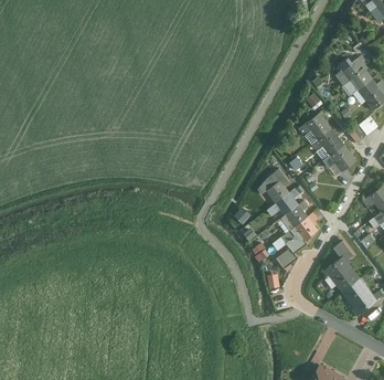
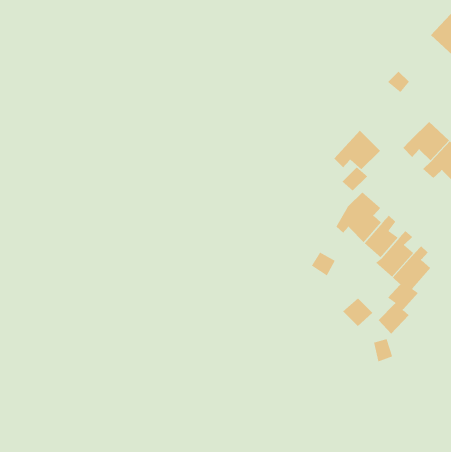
building: [297,114,330,141] -> [333,130,381,170]

